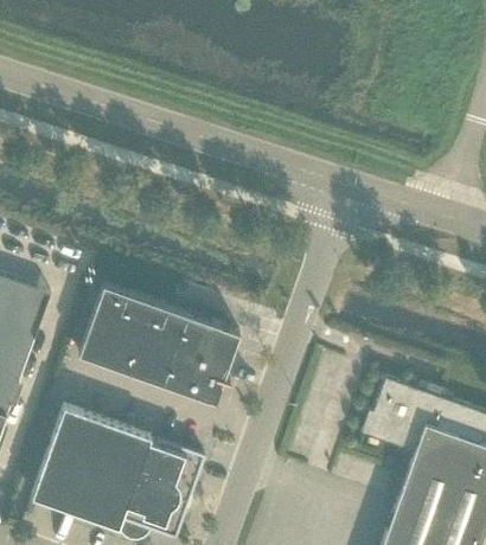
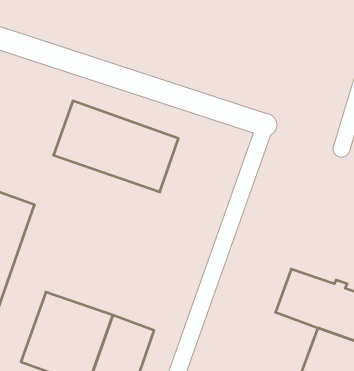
building: [78,287,239,404] -> [53,101,178,192]

